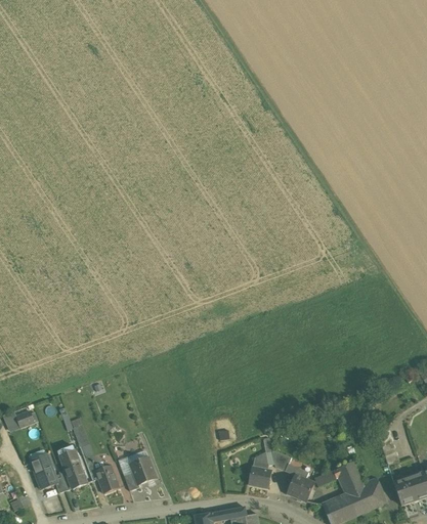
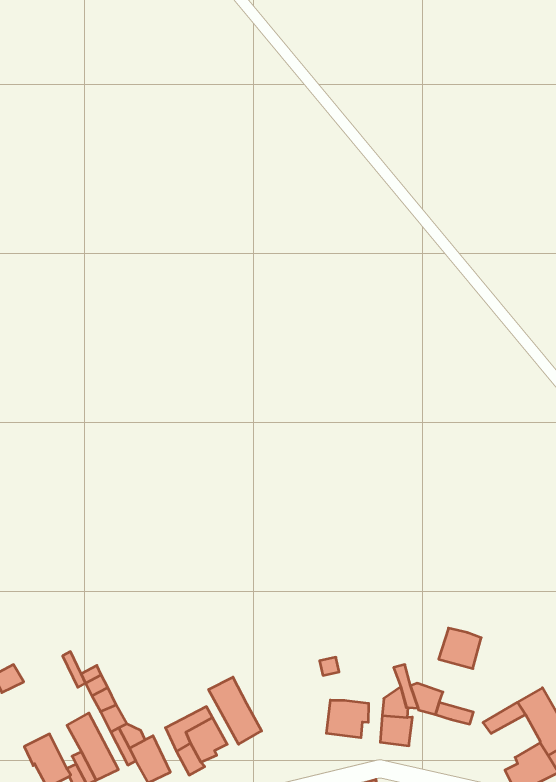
building: none -> [209,677,262,744]
building: none -> [326,700,369,738]
building: [287,474,314,500] -> [439,628,481,669]

